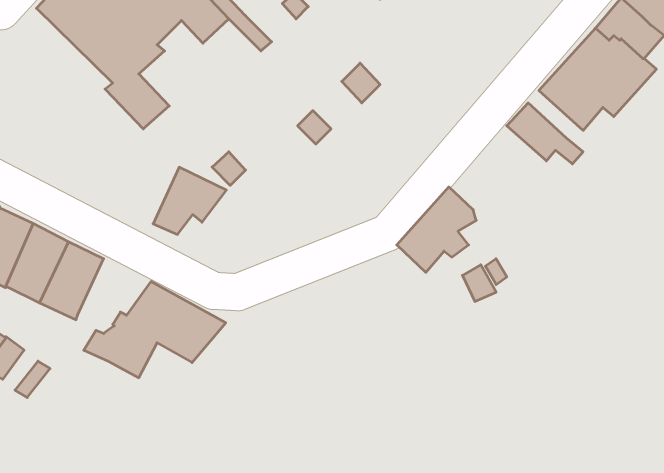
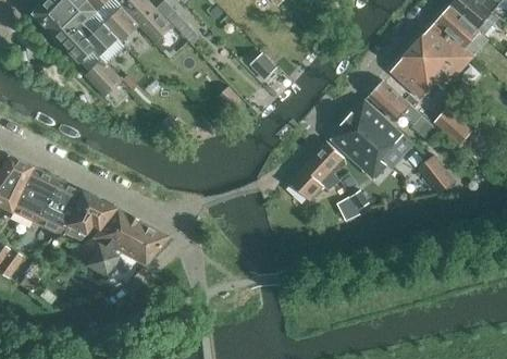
building: none -> [329,101,401,180]
building: none -> [433,110,470,145]
building: [153,167,226,234] -> [61,191,113,239]
building: none -> [418,156,455,195]

